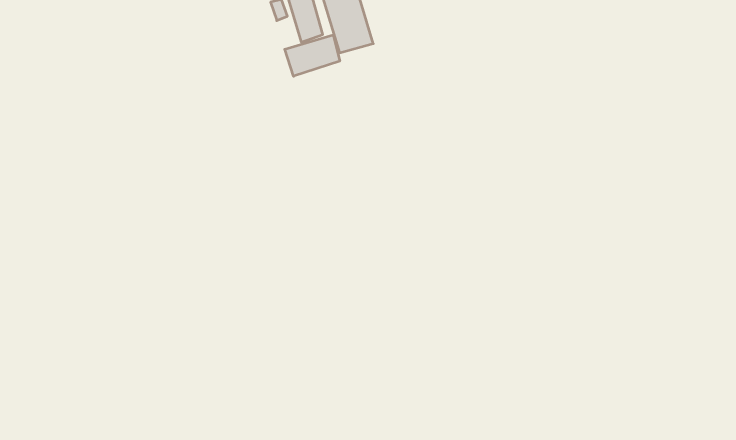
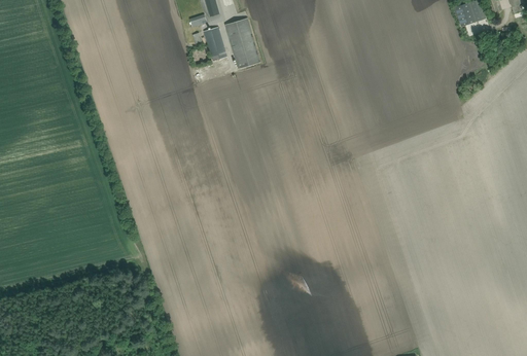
building: [285,35,340,76] -> none

